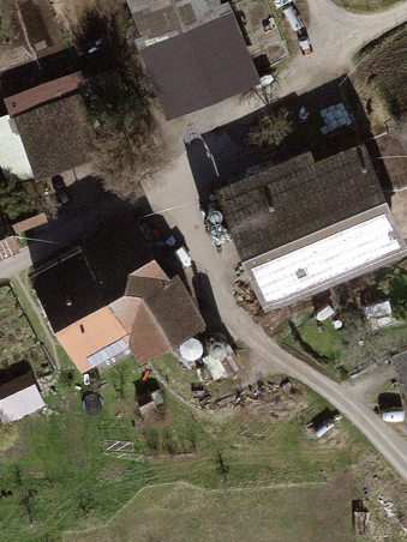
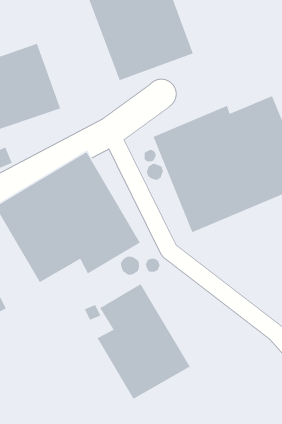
building: none -> [97,283,191,400]

